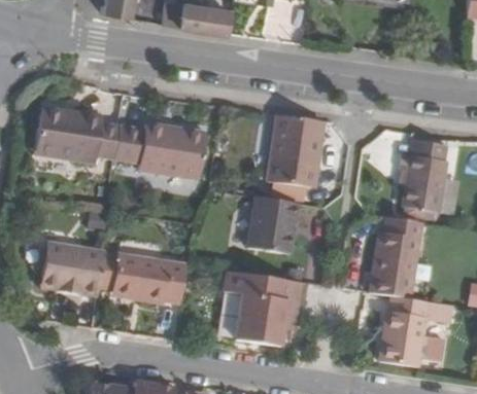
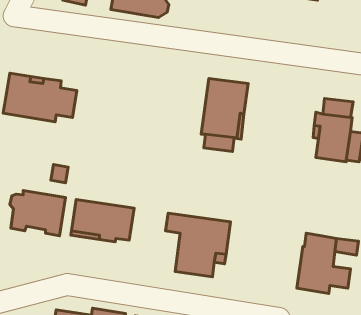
building: [114,119,207,176] -> none
building: [248,193,298,251] -> none
building: [370,213,421,295] -> none

